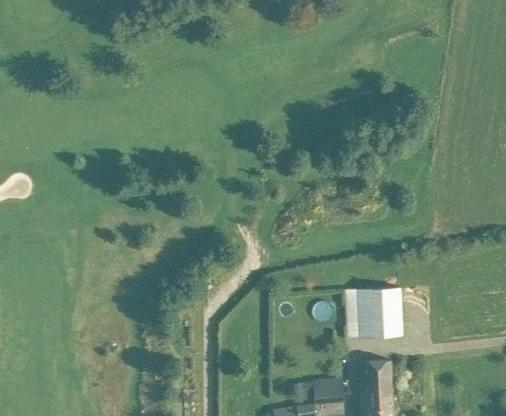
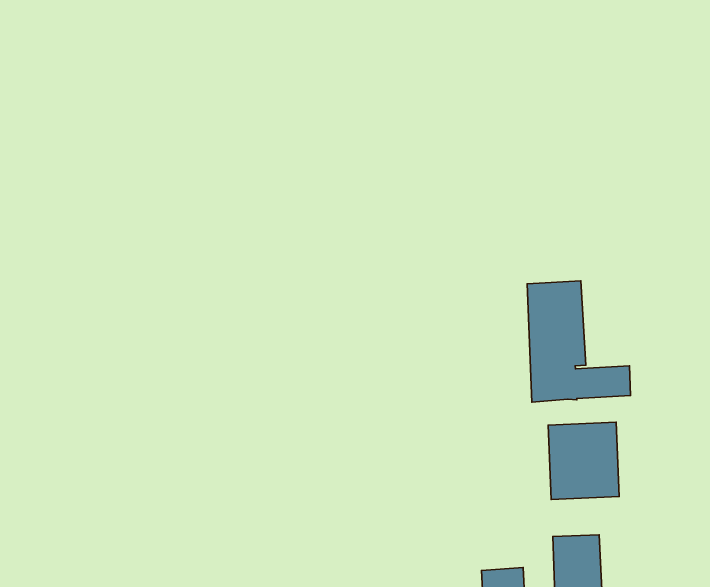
building: none -> [527,281,631,402]

